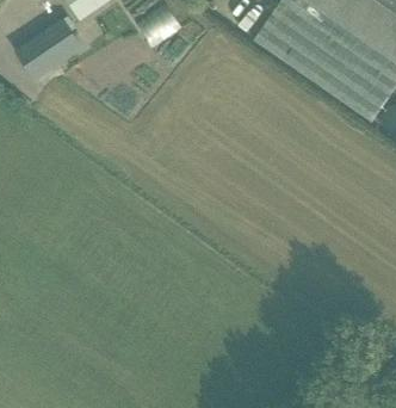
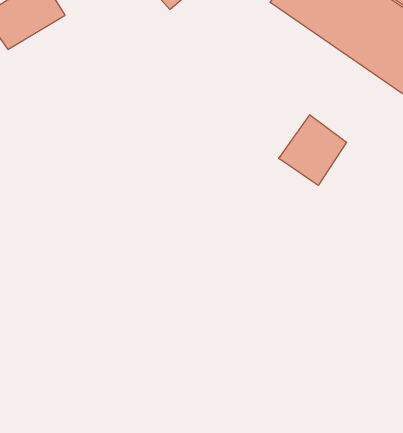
building: none -> [279,115,347,185]

